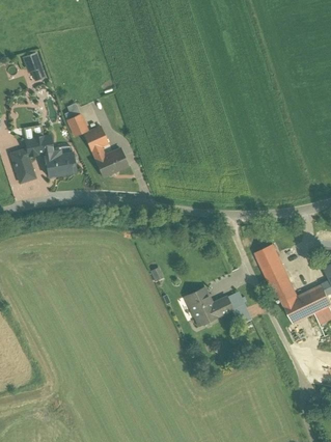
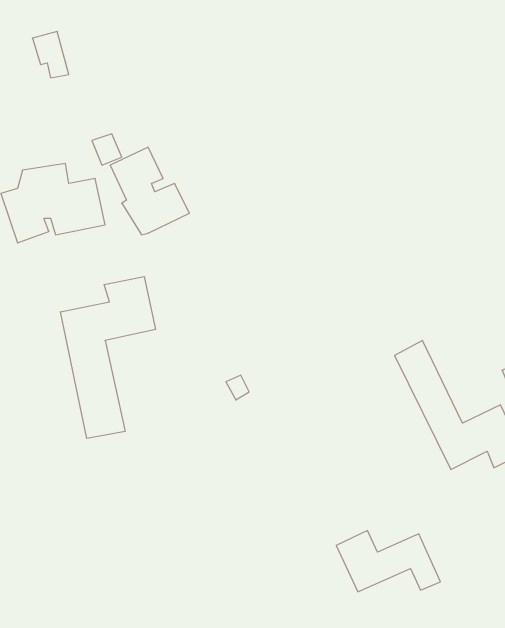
building: none -> [61,277,156,438]
building: [185,288,250,327] -> [336,531,440,592]

